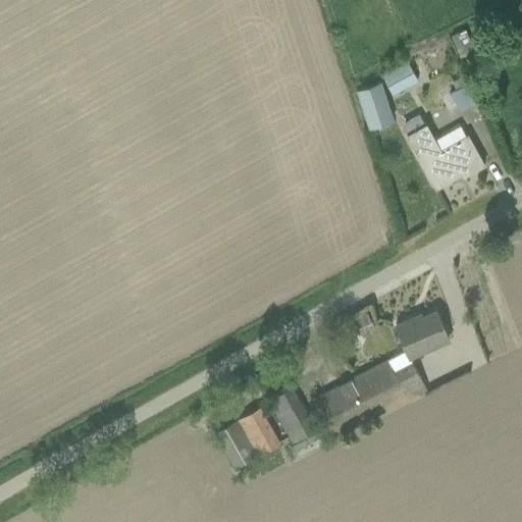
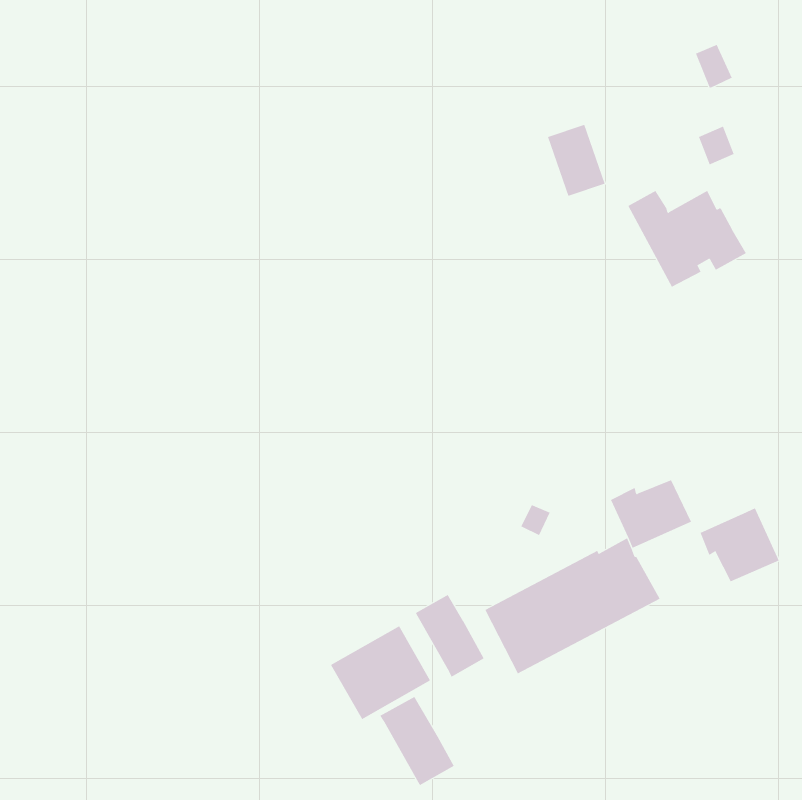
building: [382,60,419,94] -> none
building: none -> [700,508,780,582]
building: none -> [380,696,455,786]

